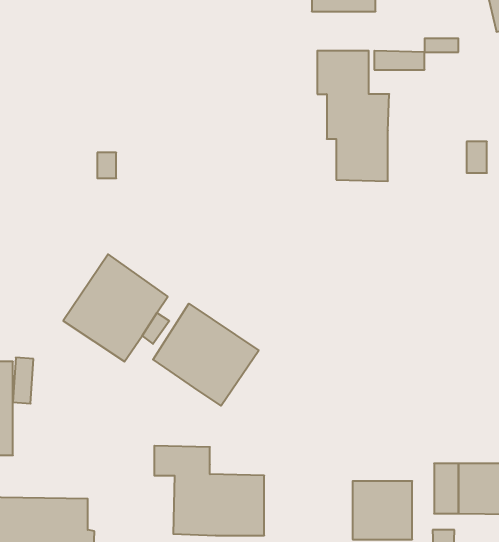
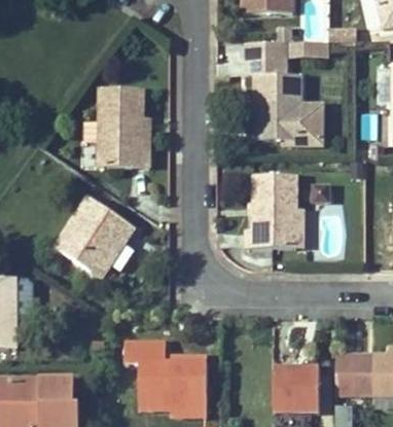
building: none -> [98,88,149,169]
building: none -> [300,103,324,146]
building: none -> [246,175,296,248]
building: [153,304,259,406] -> none

